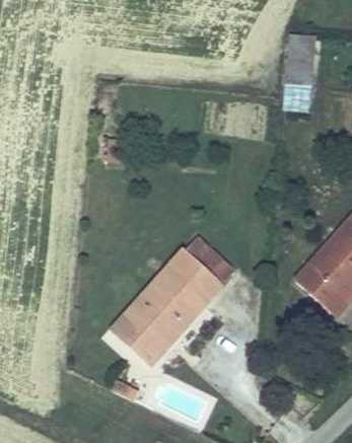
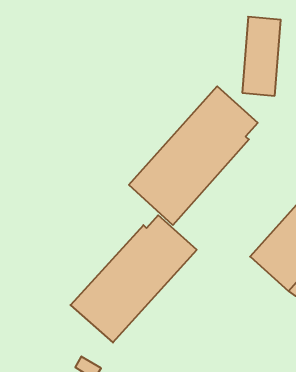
building: none -> [129,86,258,225]

